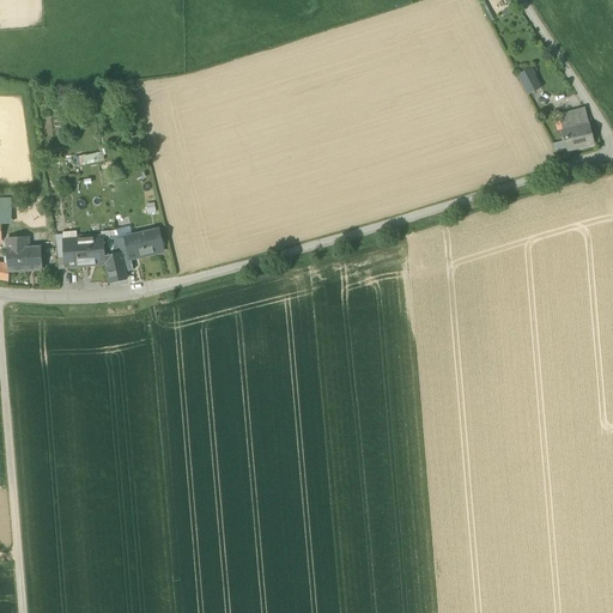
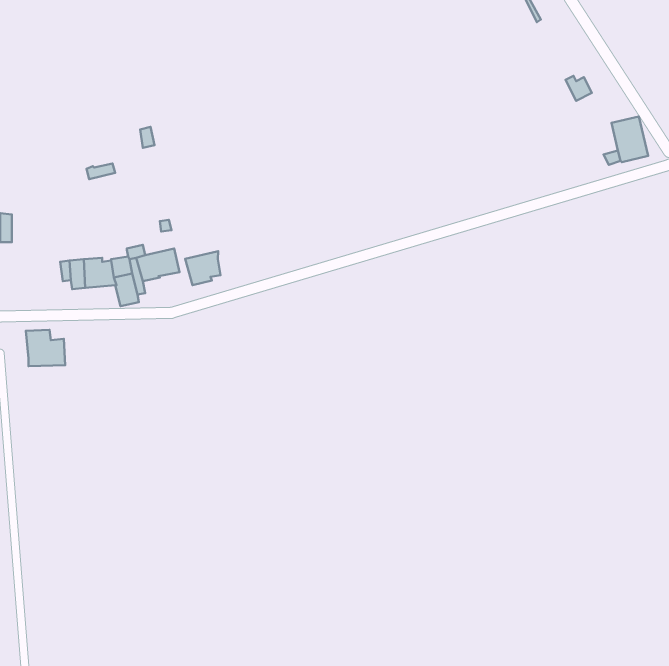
building: none -> [185,251,220,285]
building: [6,236,42,269] -> [26,330,65,366]

